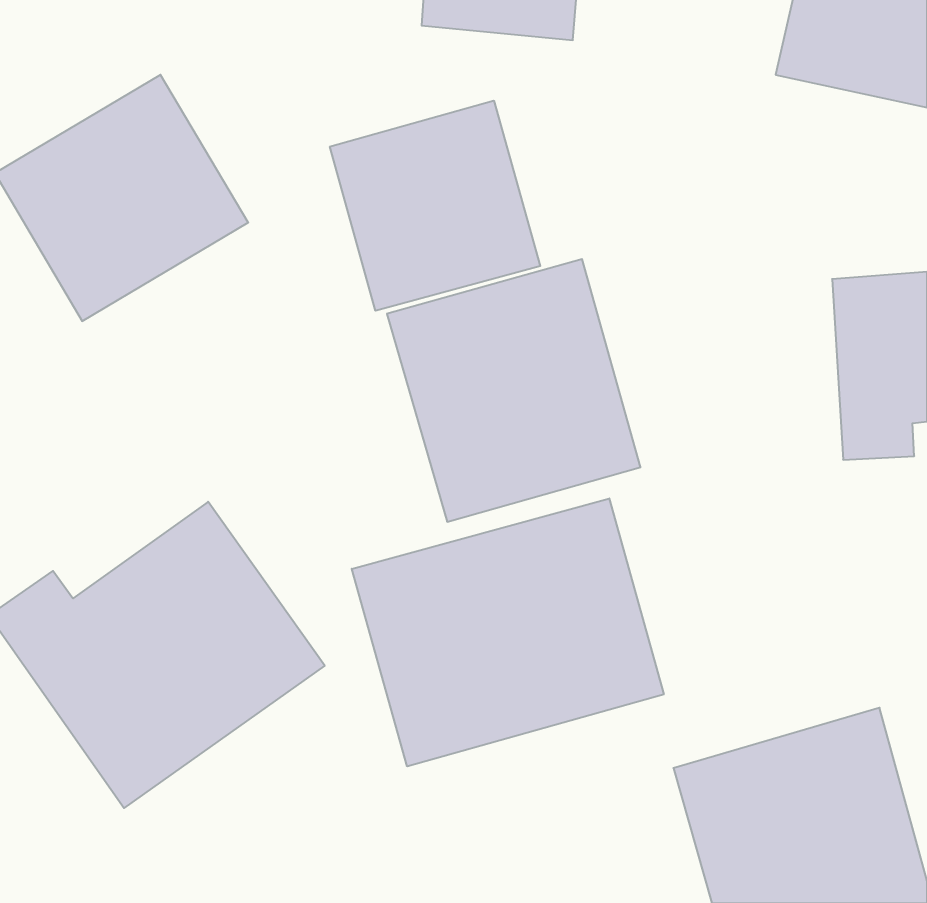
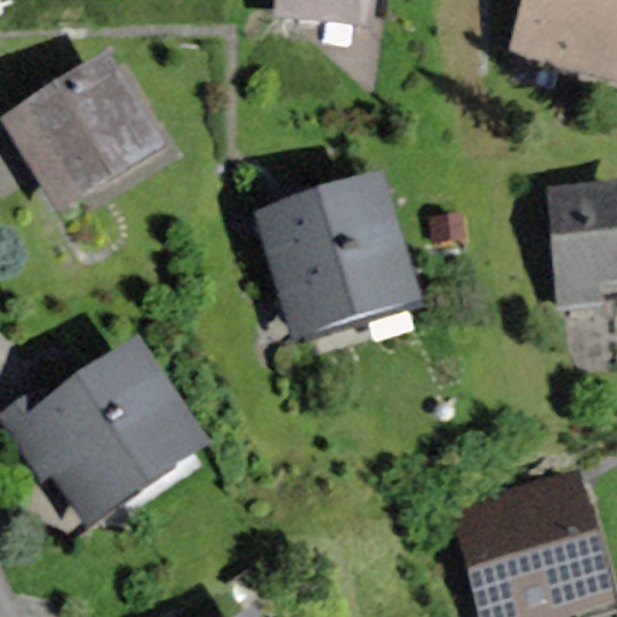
building: [330,101,540,311] -> none
building: [352,498,664,766] -> none

